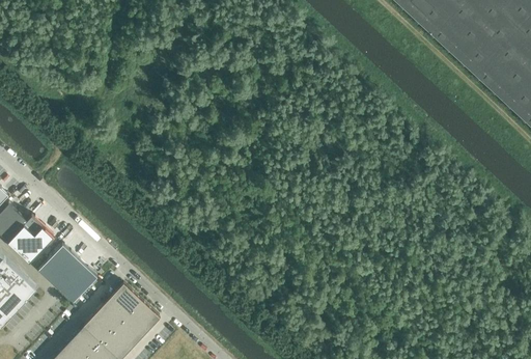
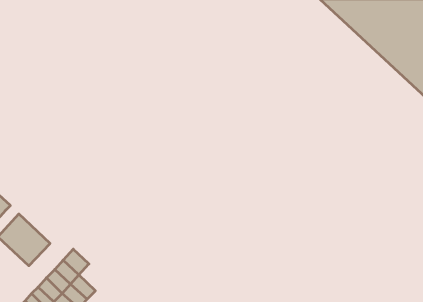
building: [130,301,160,331] -> none

